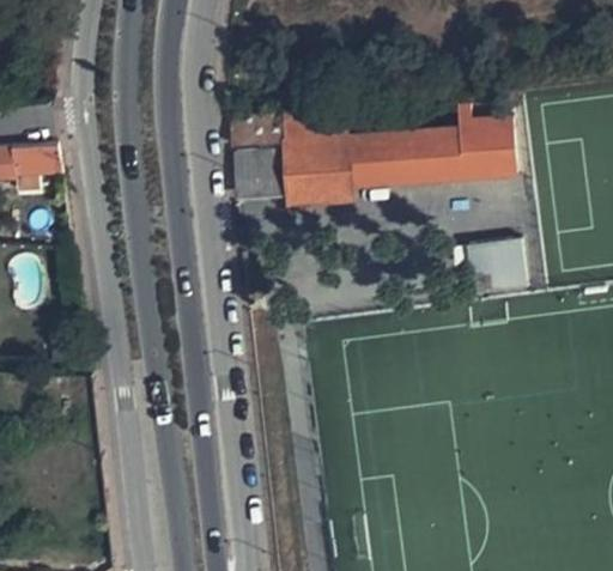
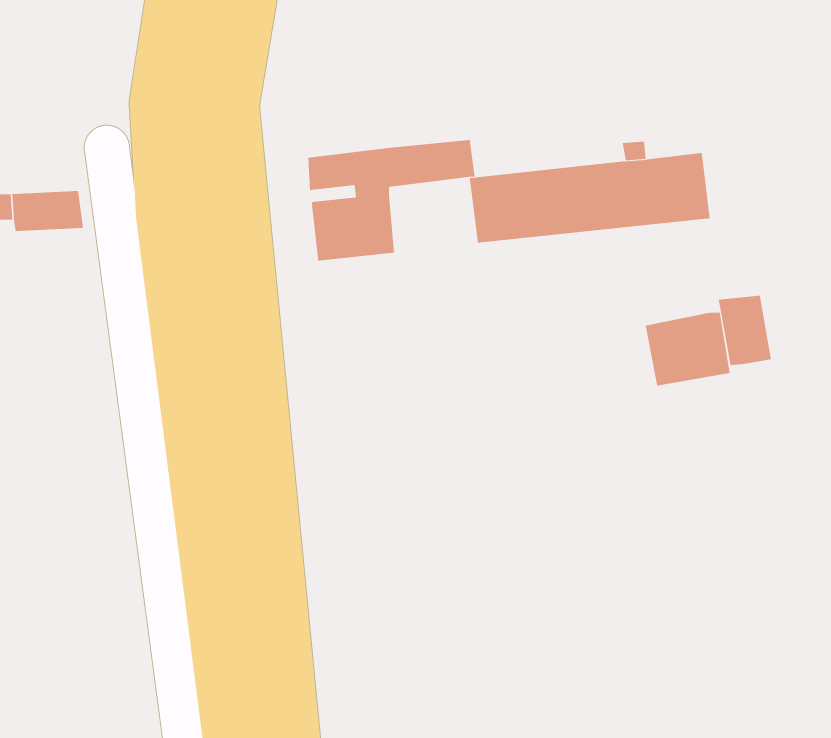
building: [284,139,350,212] -> none
building: none -> [718,295,772,366]

